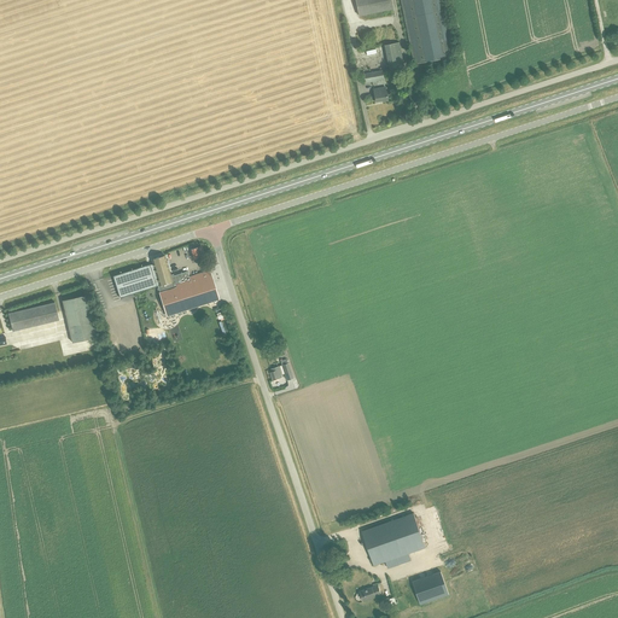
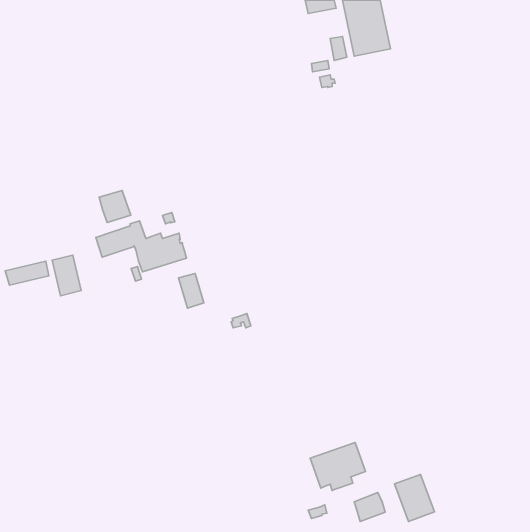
building: none -> [99,191,131,222]
building: none -> [178,273,204,308]
building: none -> [394,474,435,521]

